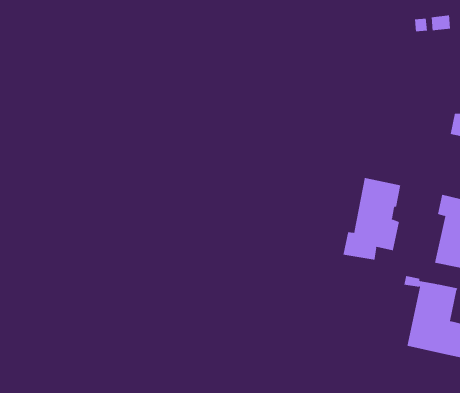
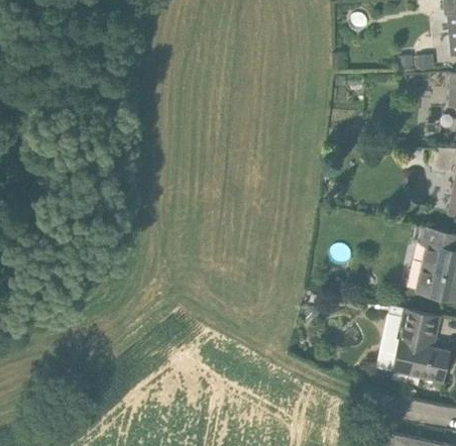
building: [343,177,401,260] -> none

